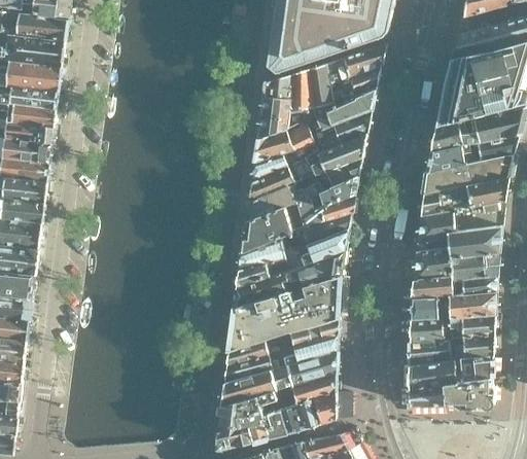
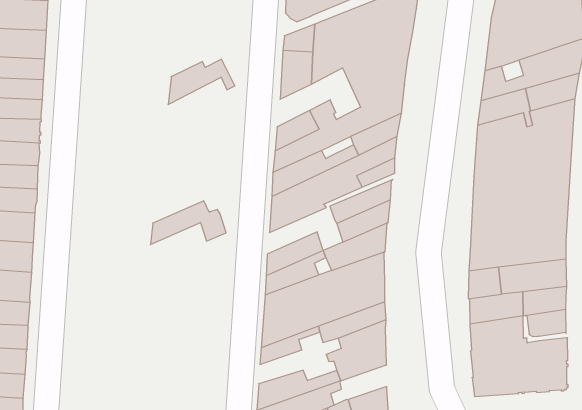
building: [254,126,313,162] -> [168,59,235,104]
building: [239,236,305,271] -> [150,201,226,245]
building: [224,350,286,382] -> none
building: [294,373,336,400] -> none

